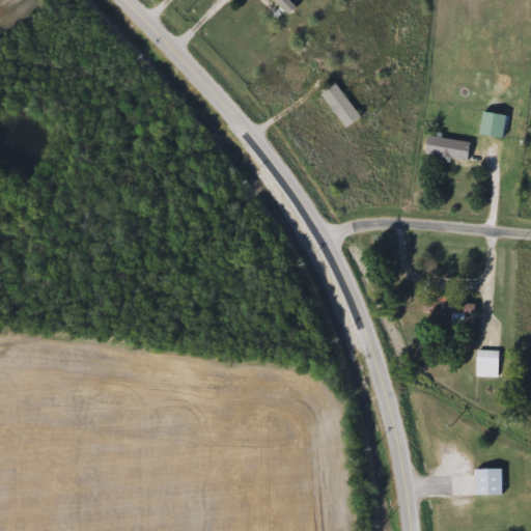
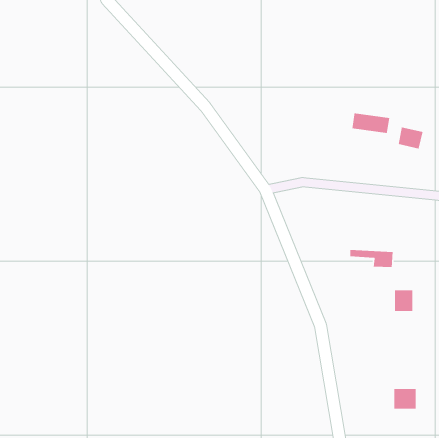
building: [320,82,362,128] -> none
building: [478,110,509,138] -> [398,126,424,150]

